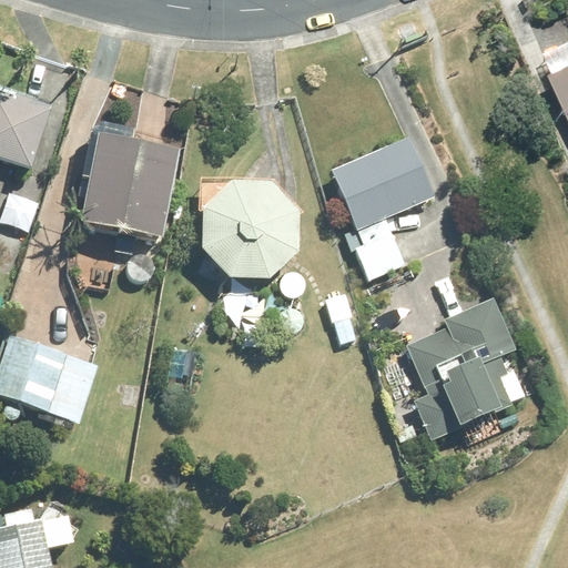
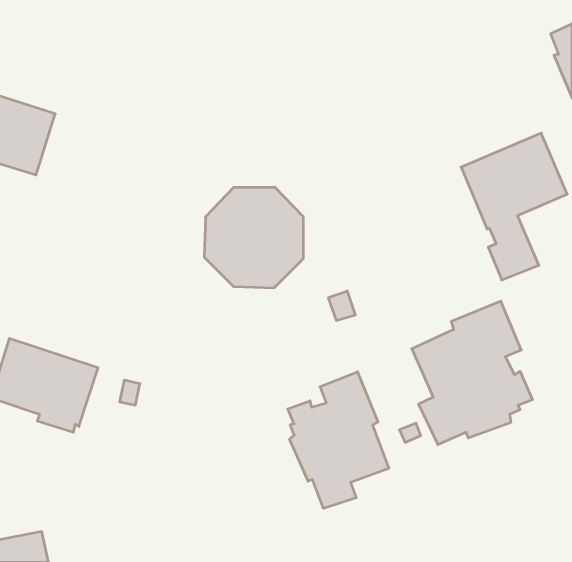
building: [328,128,433,272] -> [461,133,567,280]
building: [78,138,179,247] -> none
building: none -> [288,372,389,508]

